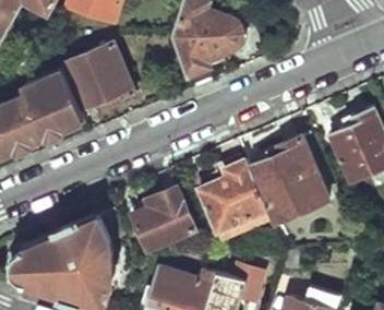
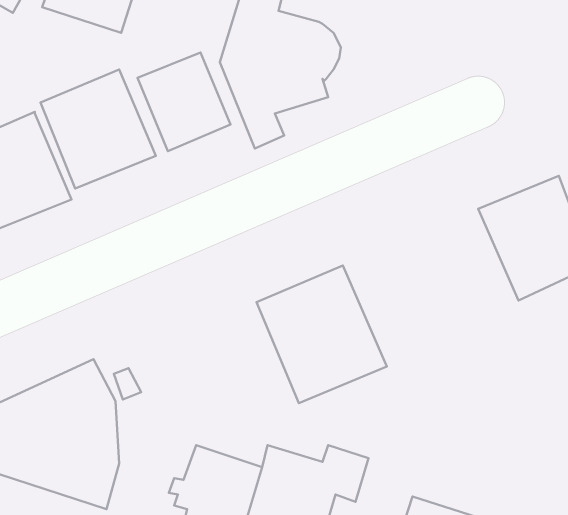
building: none -> [138,52,231,151]
building: [245,138,329,224] -> none
building: [129,187,194,249] -> none

